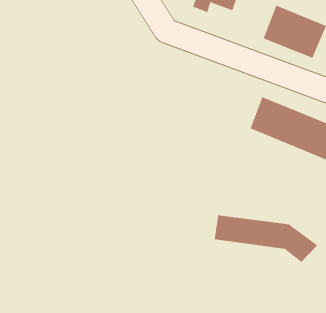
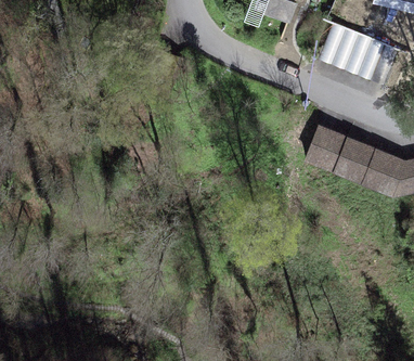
building: [214,215,318,263] -> none

